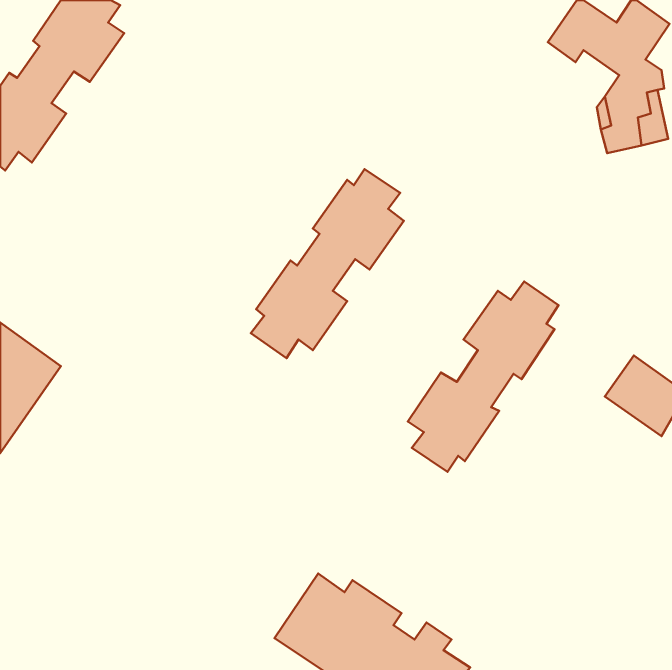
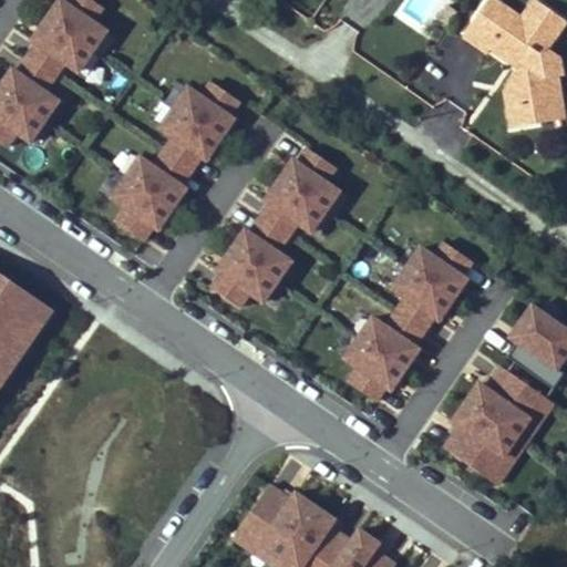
building: none -> [110,80,237,239]
building: none -> [443,368,553,484]

